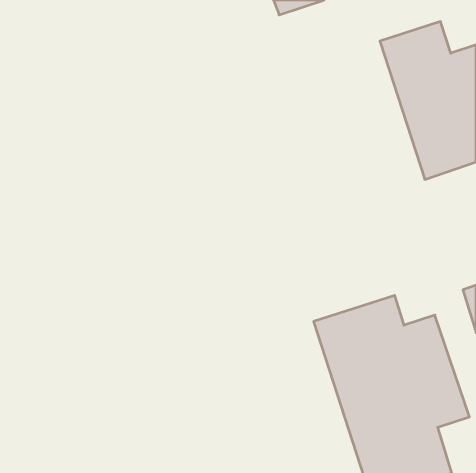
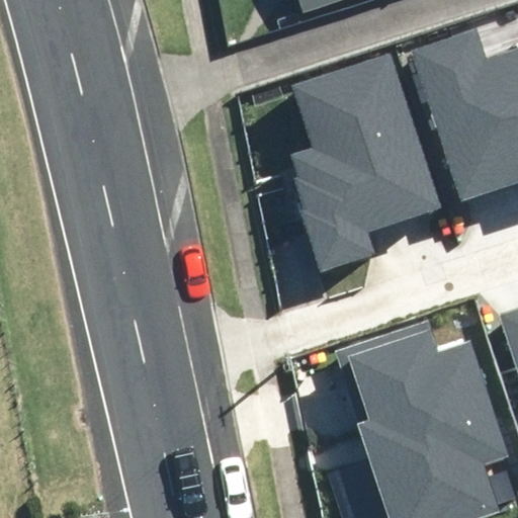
building: none -> [290,60,442,246]

